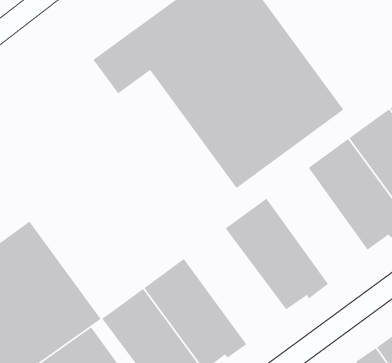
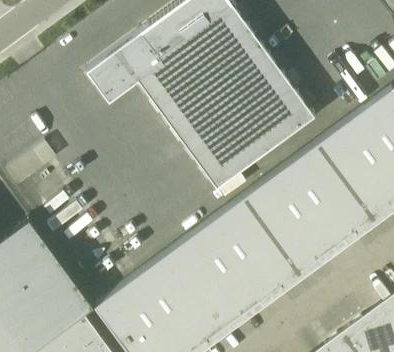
building: none -> [244,170,335,275]
building: none -> [169,225,261,330]

